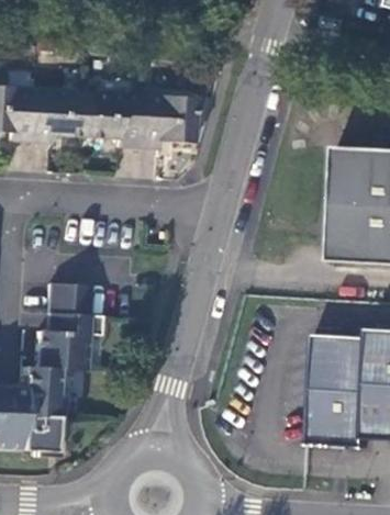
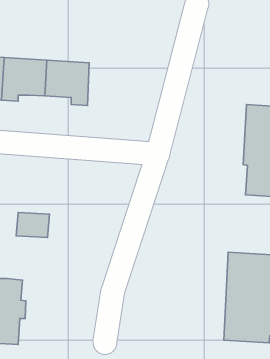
building: [140,93,196,148] -> none
building: [37,312,102,369] -> none

